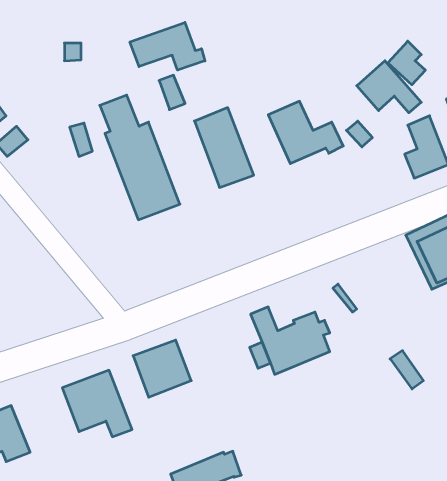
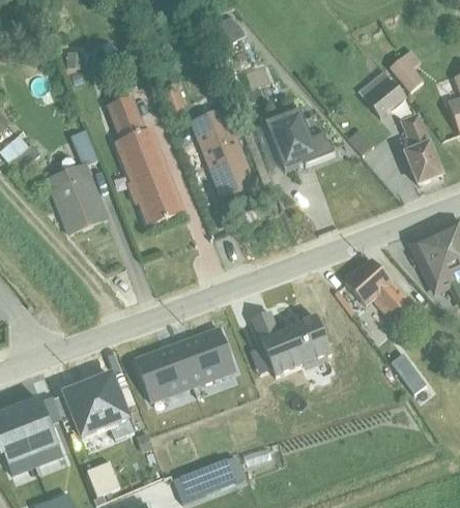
building: [130,22,205,70] -> none
building: none -> [48,167,103,227]
building: none -> [345,260,412,323]
building: none -> [177,329,235,386]
building: none -> [13,400,59,457]

